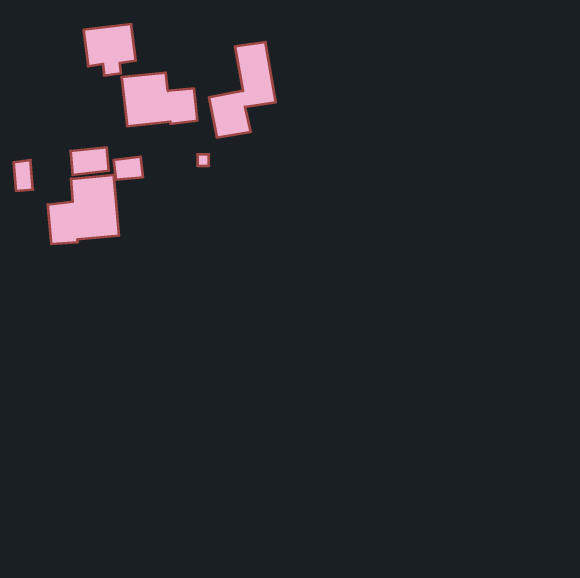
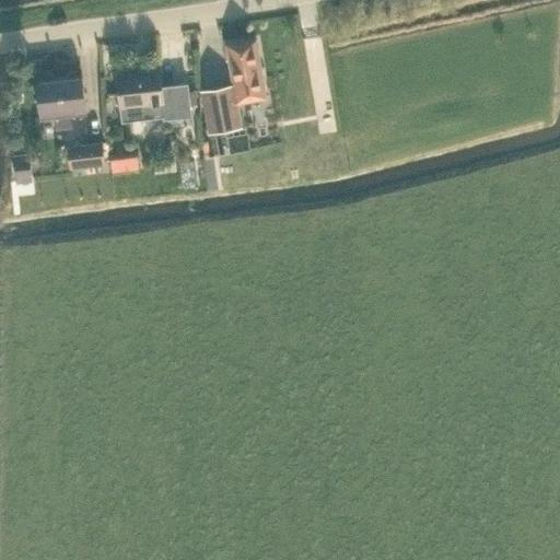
building: [84,24,136,75] -> [36,81,86,130]
building: [48,175,119,244] -> none

